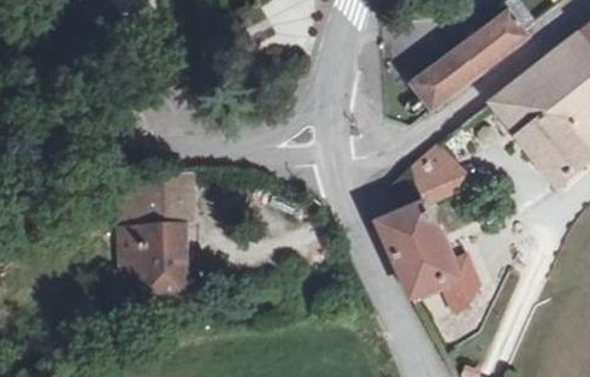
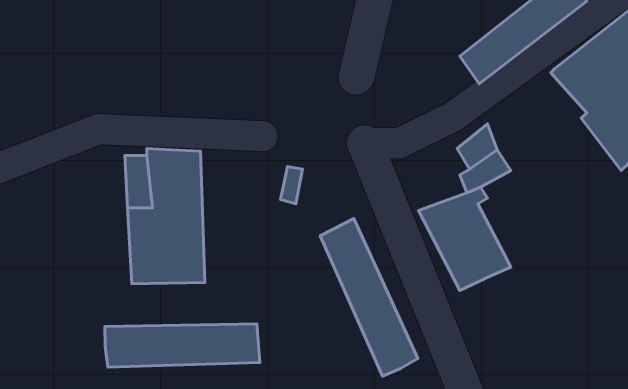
building: none -> [320,218,418,376]
building: [441,249,479,306] -> none
building: none -> [105,324,260,367]

